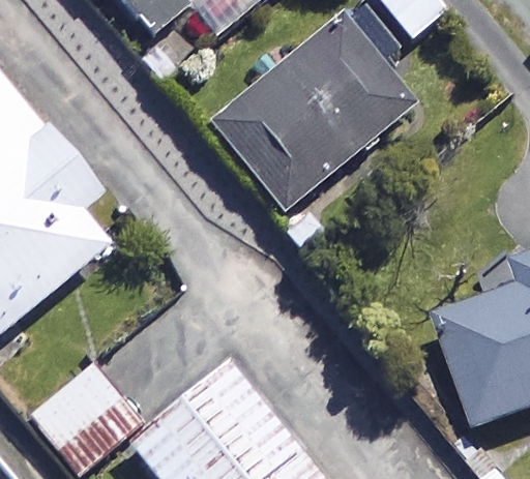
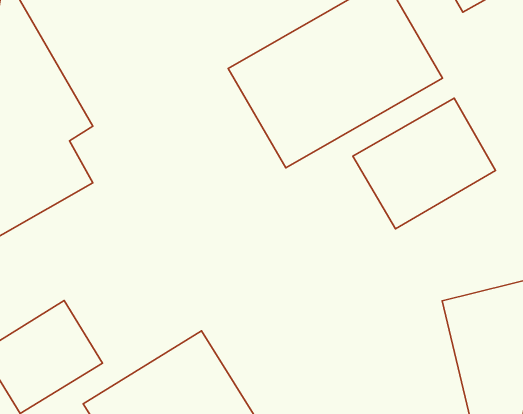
building: none -> [353,98,496,229]

